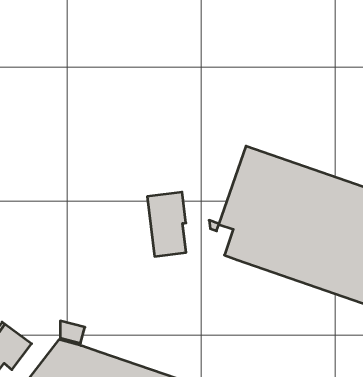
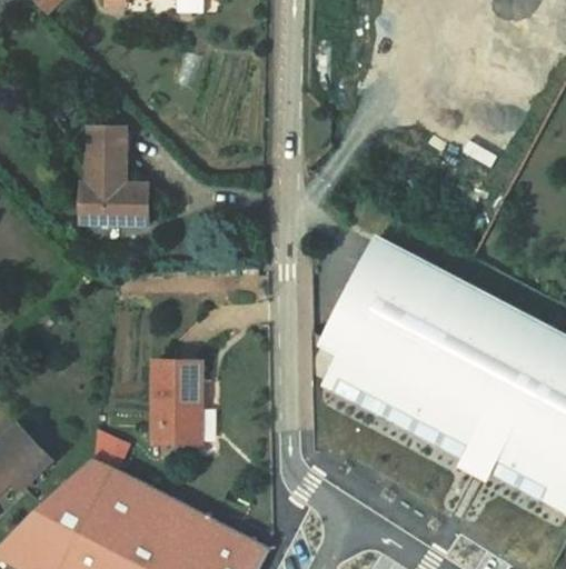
building: none -> [81,126,149,222]
building: [147,192,186,256] -> [153,360,202,441]

